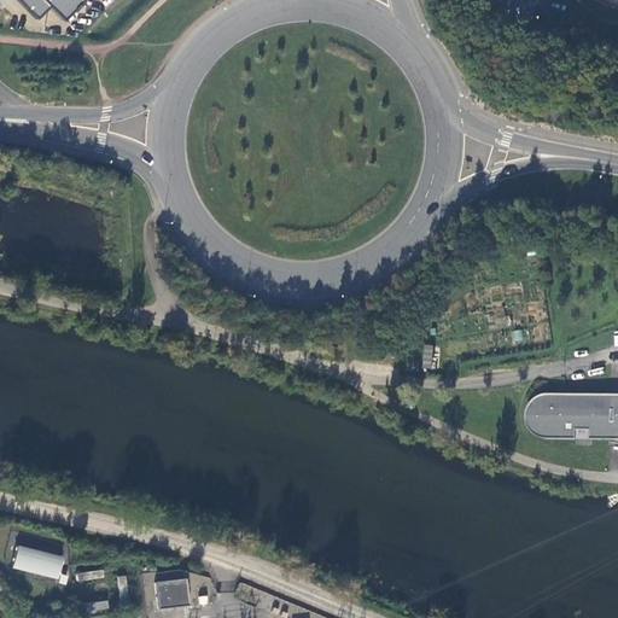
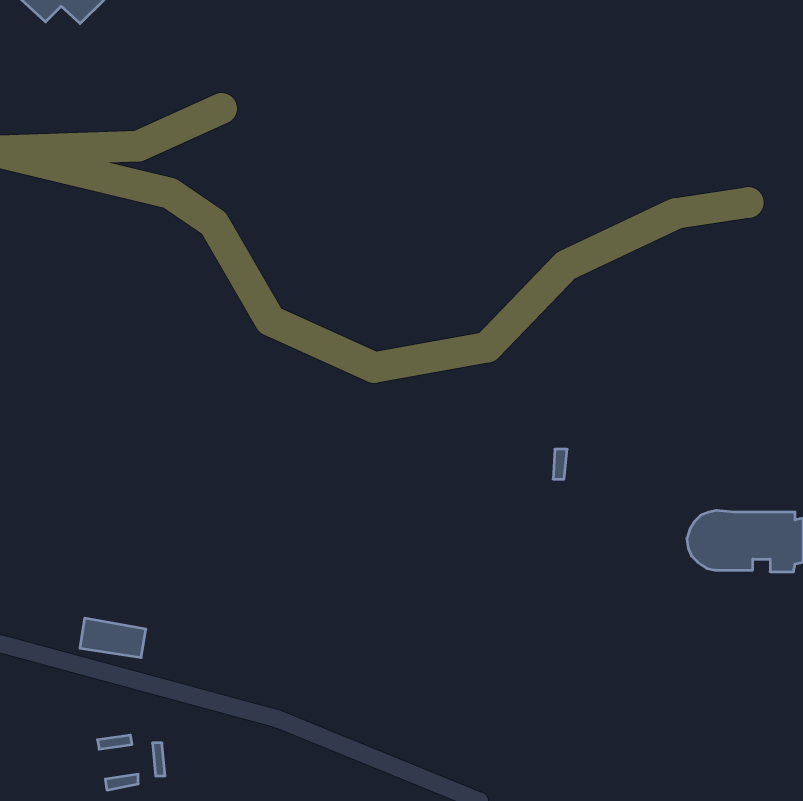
building: [13,546,64,576] -> [80,618,146,658]
building: [153,575,185,602] -> none

